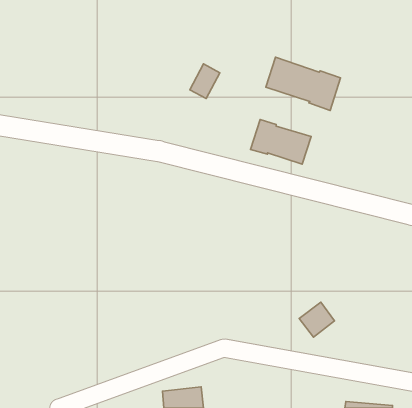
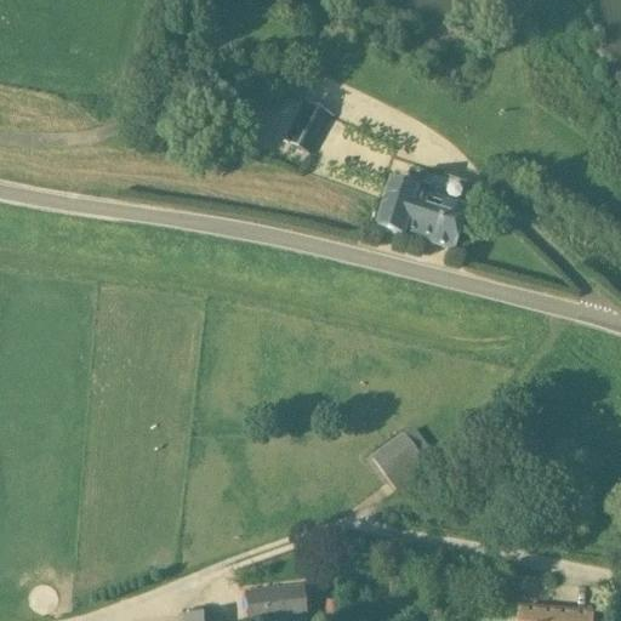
building: [266,57,341,110] -> none
building: [299,302,335,337] -> [375,433,428,485]

